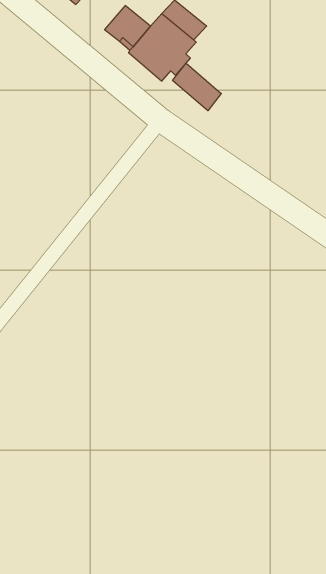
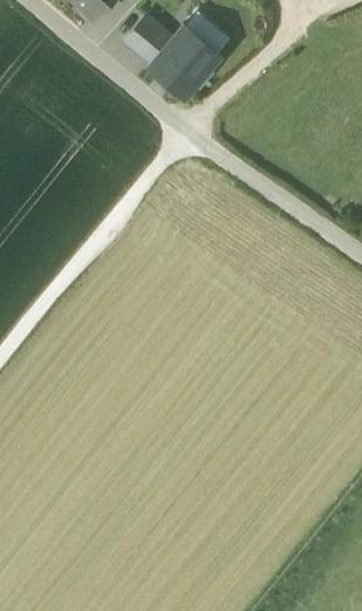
building: [173,63,221,111] -> none

